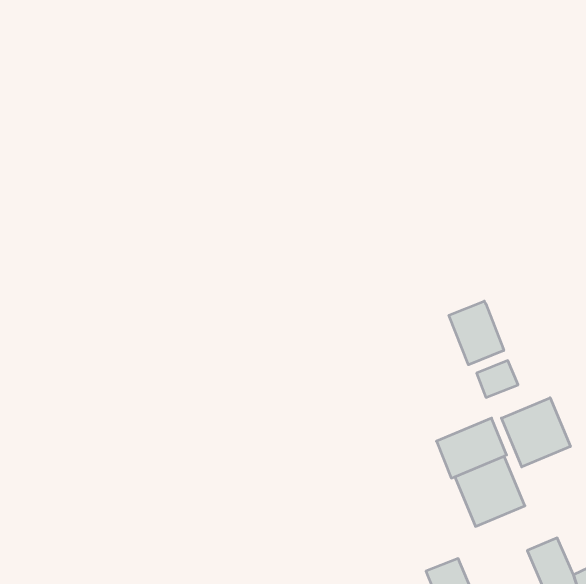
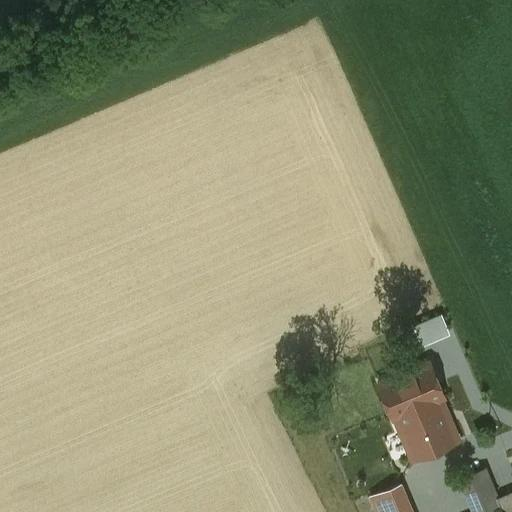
building: [449,301,504,365] -> none
building: [501,398,570,467] -> none

